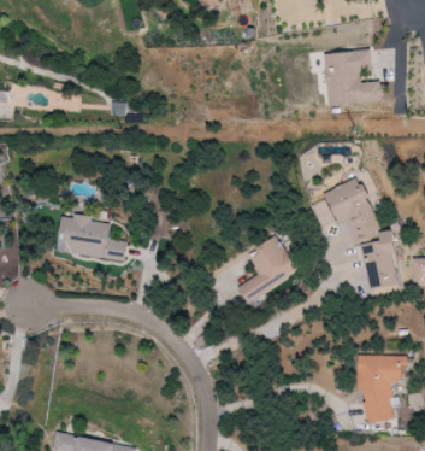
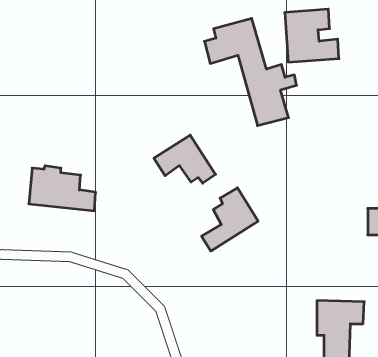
building: [313,180,409,292] -> [204,18,297,126]
building: none -> [154,135,216,183]

